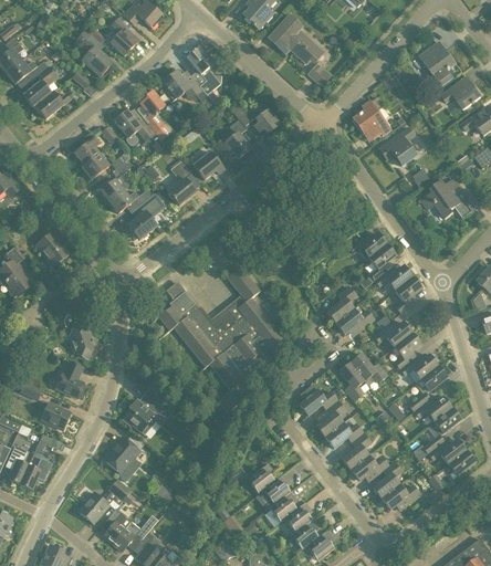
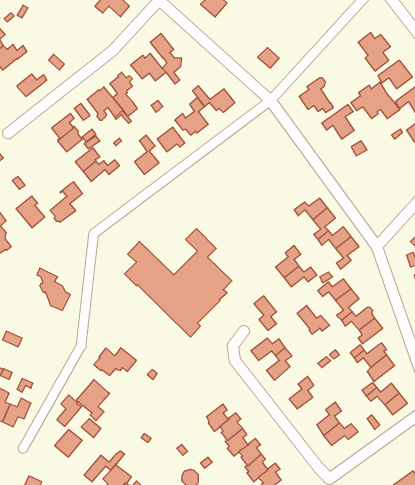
building: [269,14,320,62] -> none
building: [112,19,139,55] -> none
building: [76,29,112,75] -> none
building: [24,66,52,107] -> none
building: [421,177,477,218] -> [351,82,400,119]
building: [128,192,165,238] -> [50,182,83,222]
building: [54,359,84,398] -> none
building: [339,360,365,399] -> [254,296,277,330]
building: [40,401,70,429] -> none
building: [325,420,363,447] -> none
building: [351,454,388,479] -> none
building: [103,506,130,542] -> [57,395,82,426]

